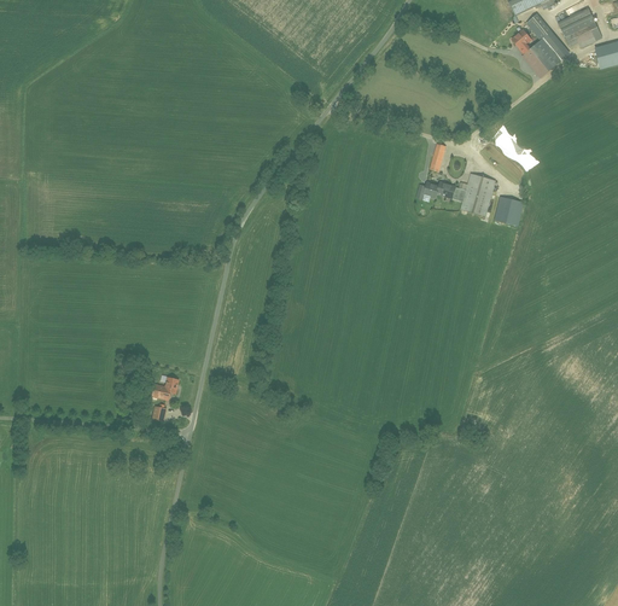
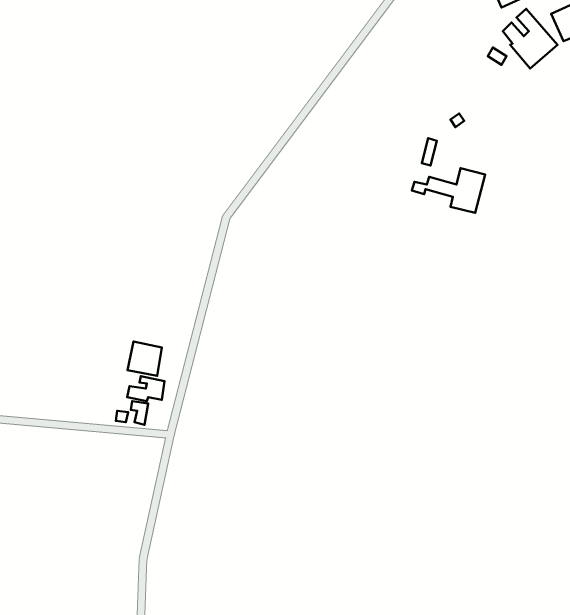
building: [495,194,521,227] -> none
building: none -> [127,342,162,376]

